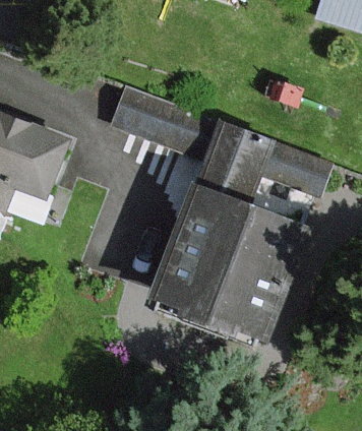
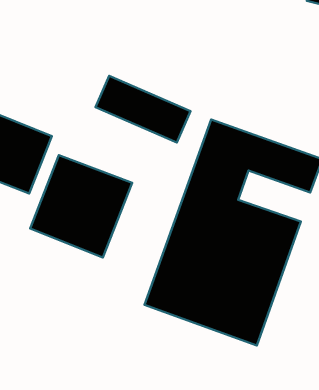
building: none -> [30,155,132,257]

